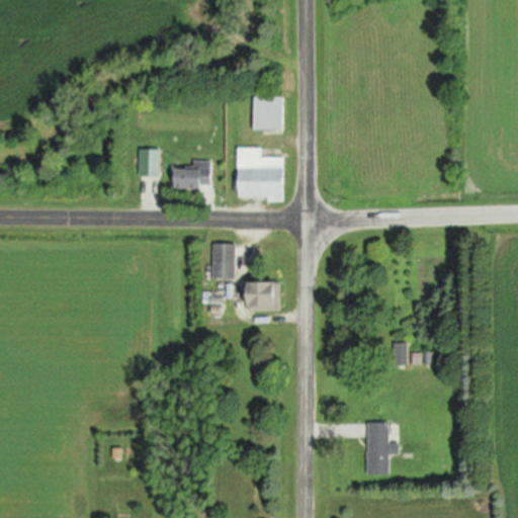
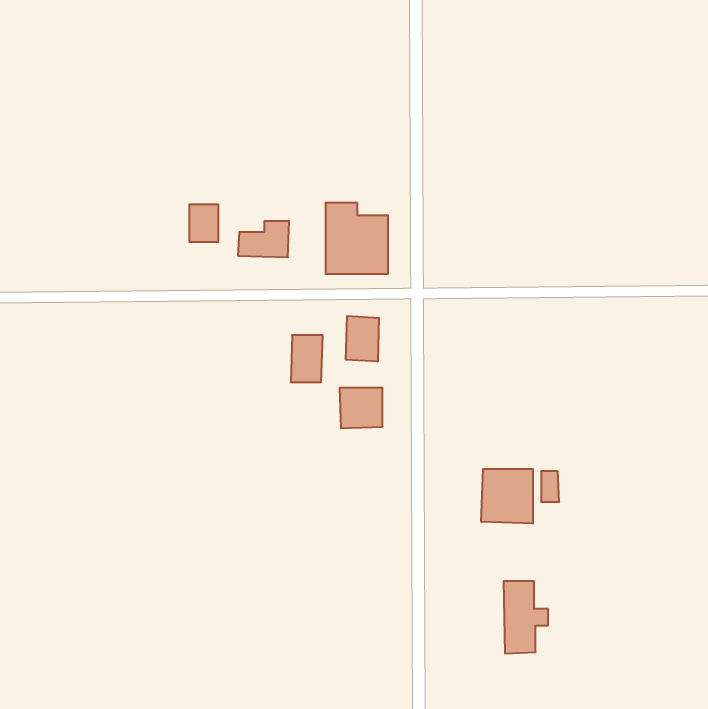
building: [253,97,281,131] -> none
building: none -> [346,316,379,362]
building: none -> [481,469,533,524]

